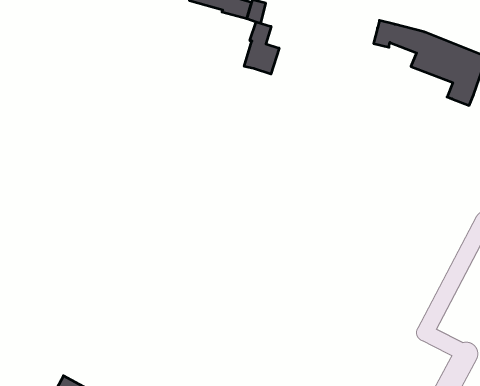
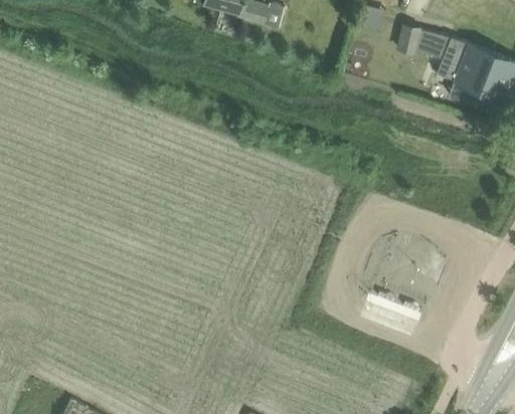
building: [244,22,279,74] -> none

